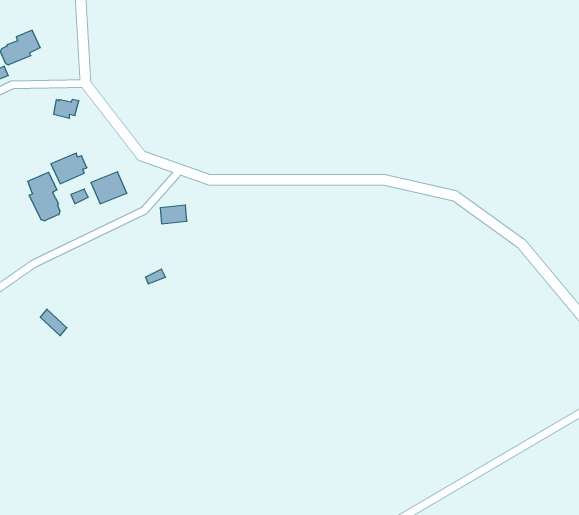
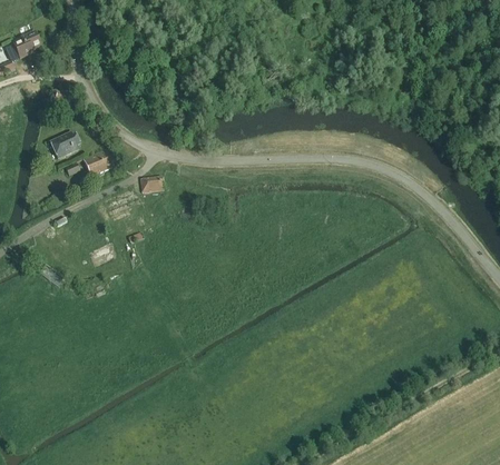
building: [28,172,60,221] -> none

